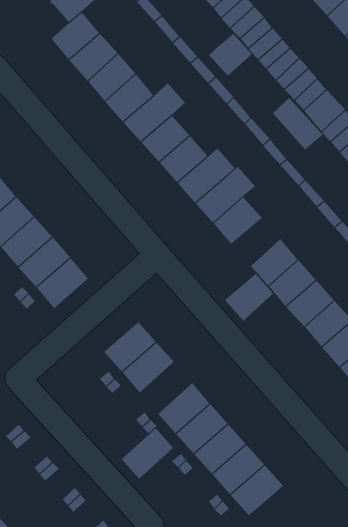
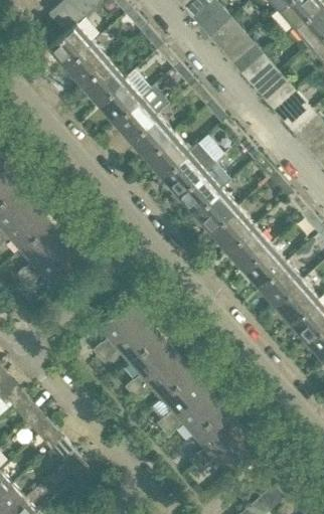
building: [208,33,253,77] -> none
building: [272,97,324,150] -> none
building: [224,273,274,322] -> [209,207,254,250]
building: [121,428,174,479] -> [128,336,175,382]

